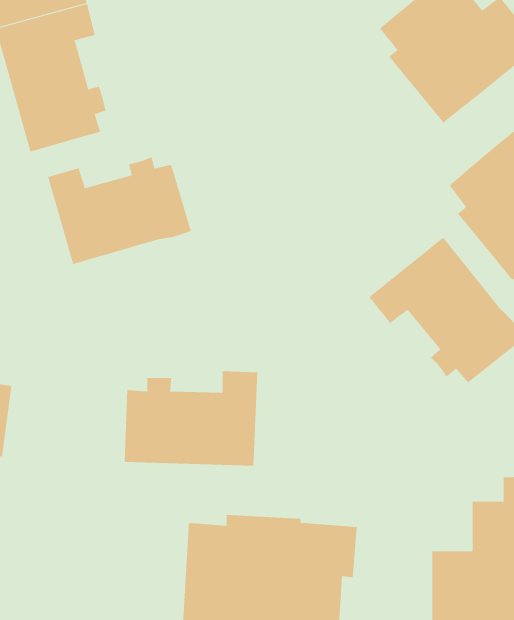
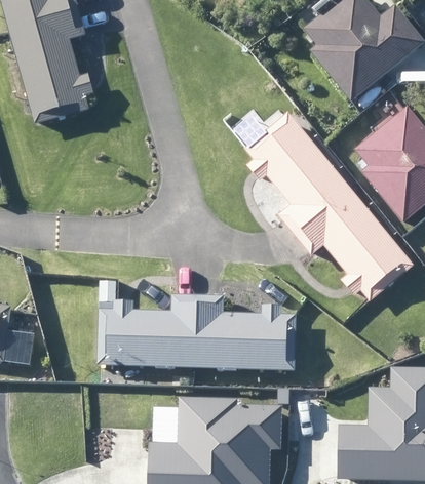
building: none -> [242,111,350,235]
building: [47,157,192,265] -> none
building: none -> [205,292,306,367]

